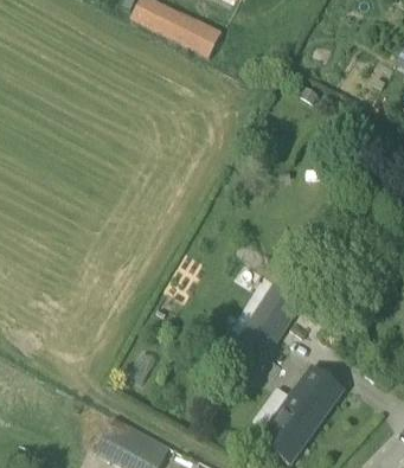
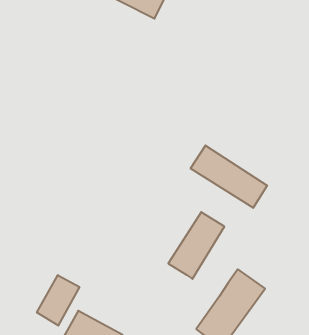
building: none -> [191,145,267,208]
building: none -> [37,275,79,326]

